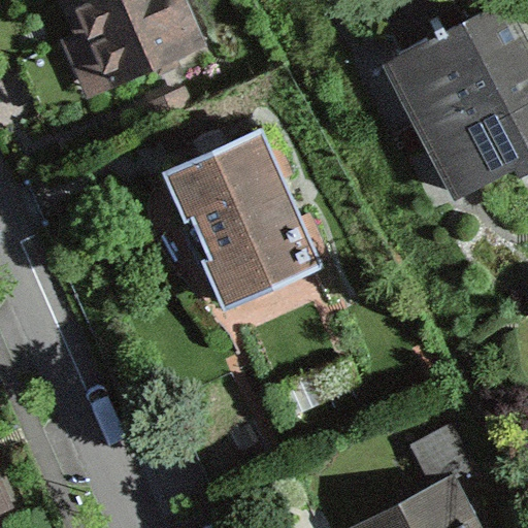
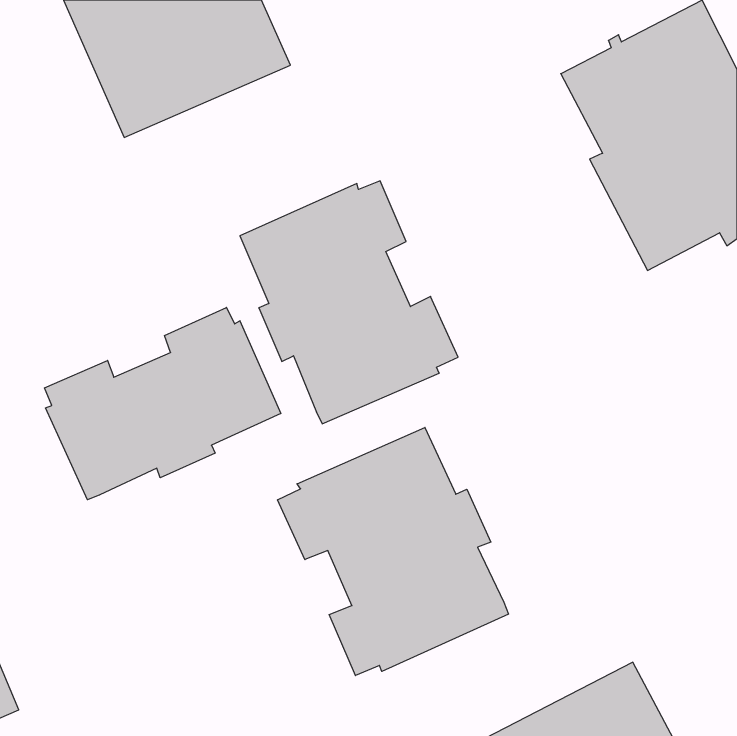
building: none -> [44,307,281,500]
building: none -> [278,427,508,676]

